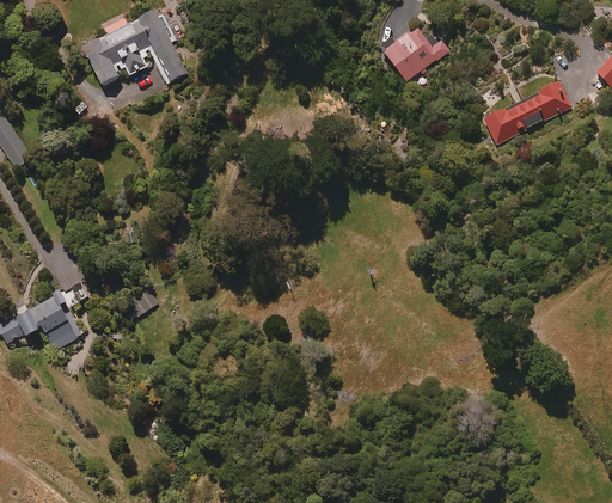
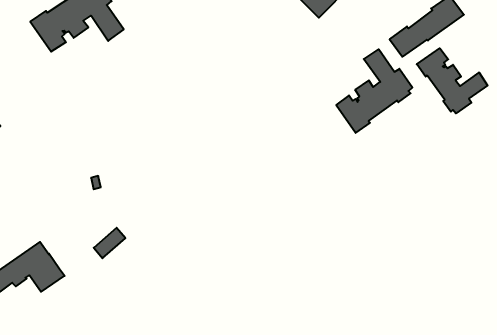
building: none -> [336,49,412,133]
building: none -> [417,48,488,113]

